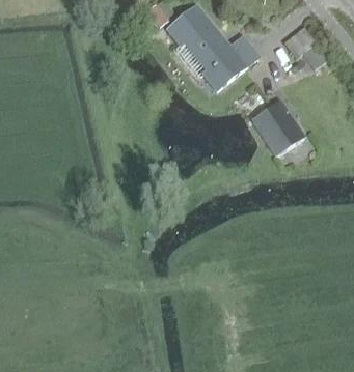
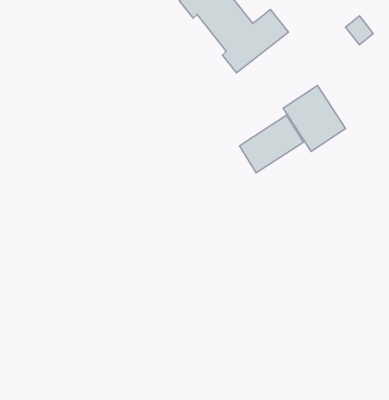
building: none -> [239,115,303,173]

